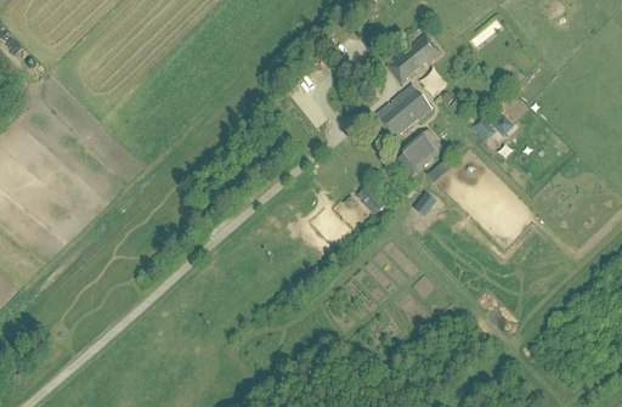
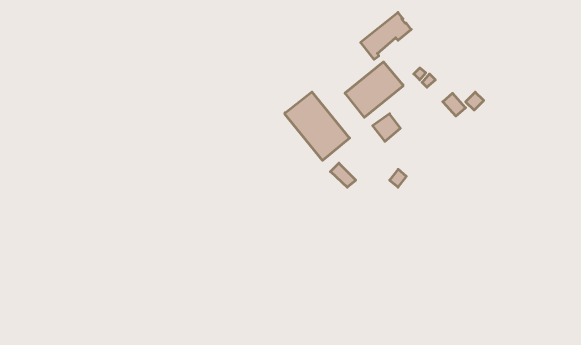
building: none -> [285,92,350,160]

